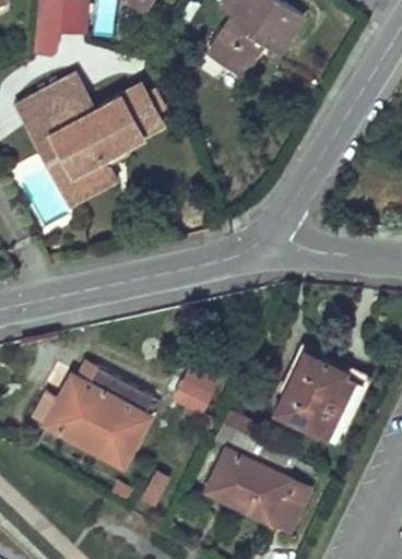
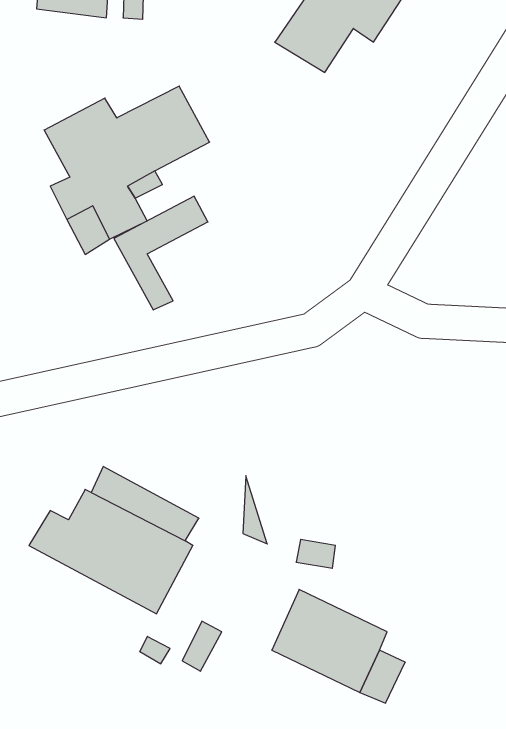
building: [17,75,85,157] -> [114,196,208,310]
building: [274,350,347,435] -> none

